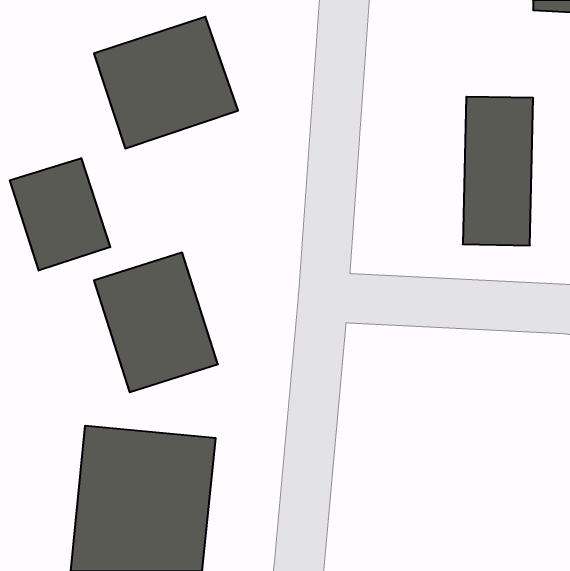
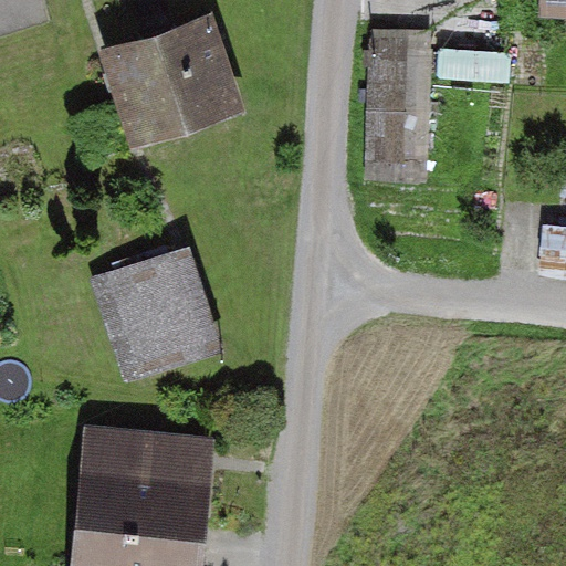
building: [463,97,533,245] -> [373,27,442,174]
building: [10,158,110,271] -> none

